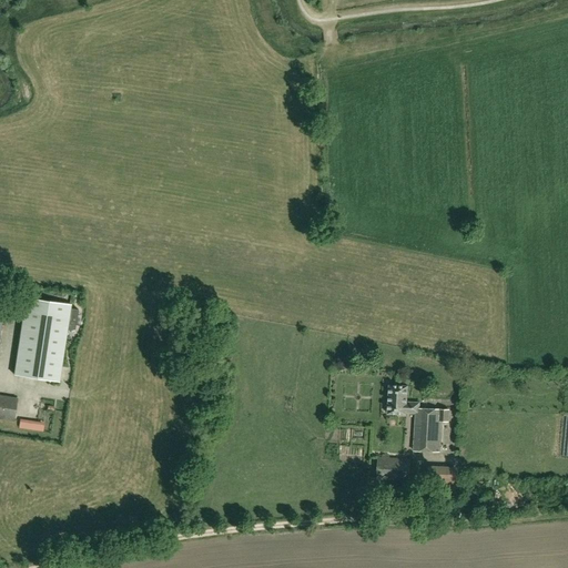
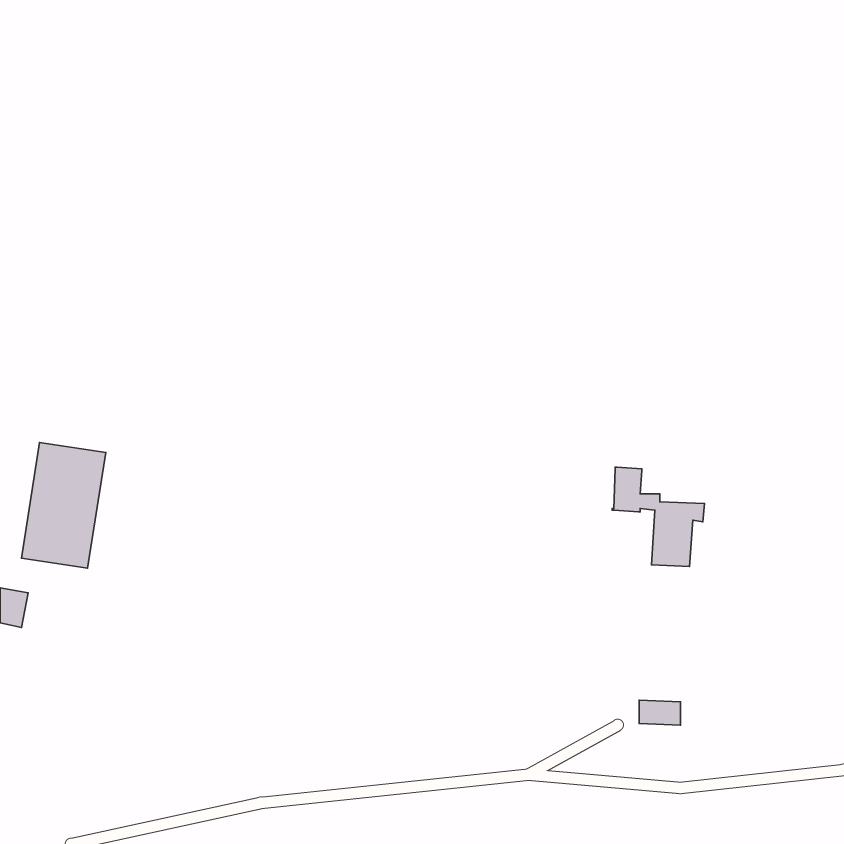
building: [387,385,449,452] -> [612,467,705,566]
building: [377,457,410,480] -> none

